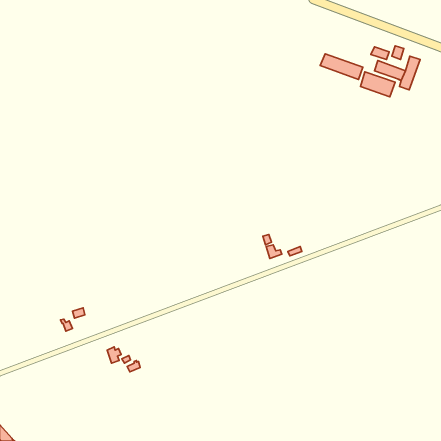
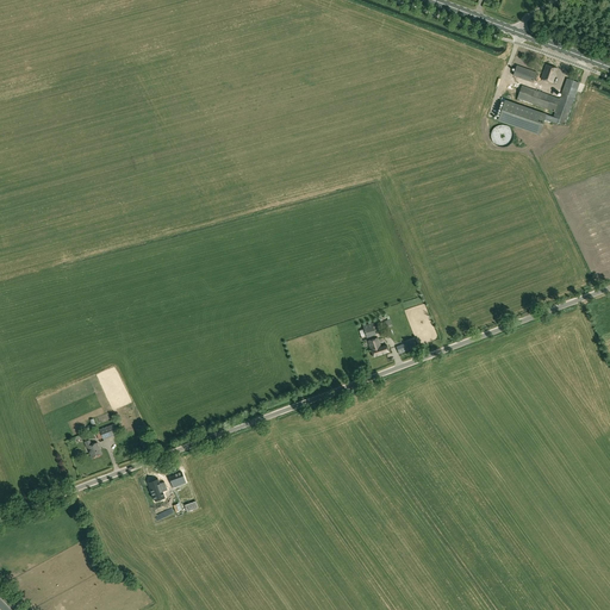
building: [320,54,363,79] -> none

